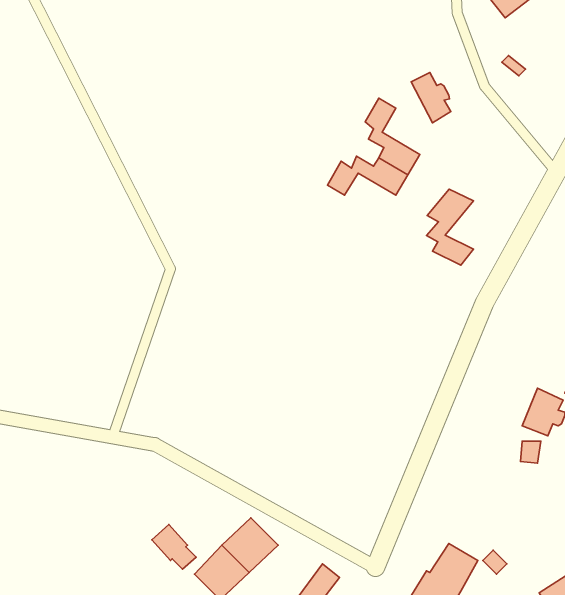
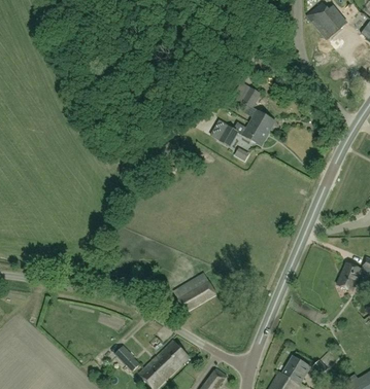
building: [411,72,451,123] -> none
building: [427,189,474,265] -> none
building: none -> [173,273,216,313]

